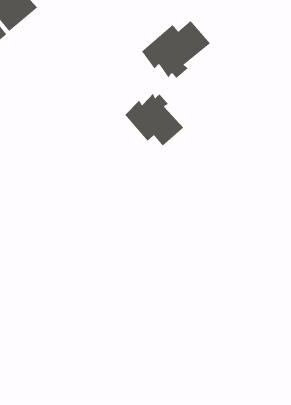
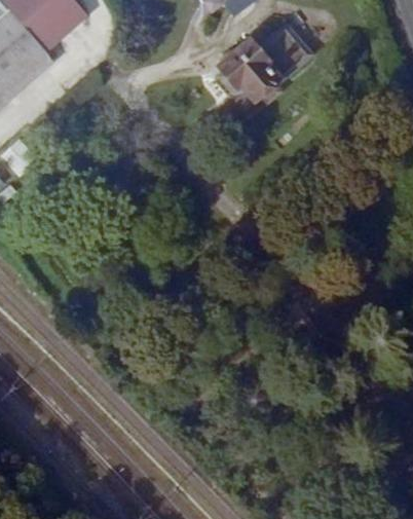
building: [125,93,184,146] -> none

